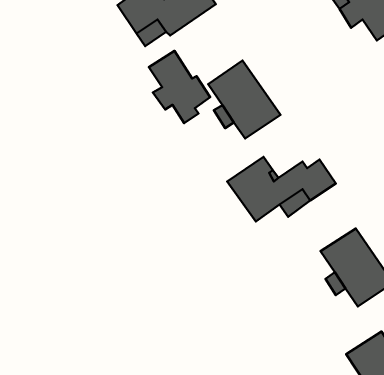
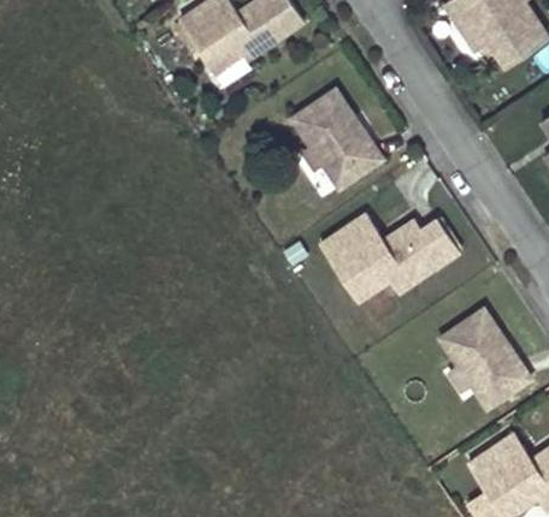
building: [149,51,210,123] -> none

